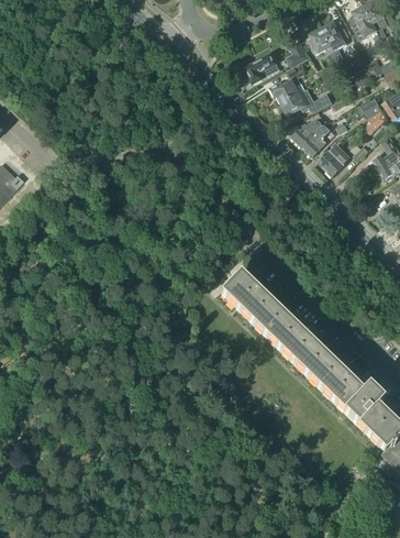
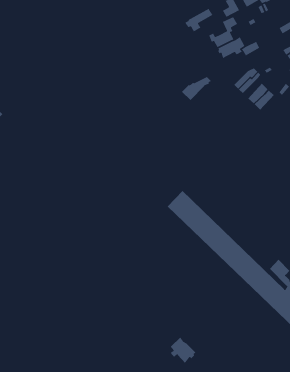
building: [291,116,329,145] -> [181,76,212,101]
building: none -> [170,337,196,364]

